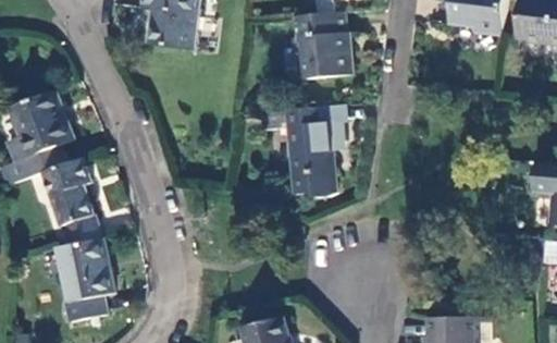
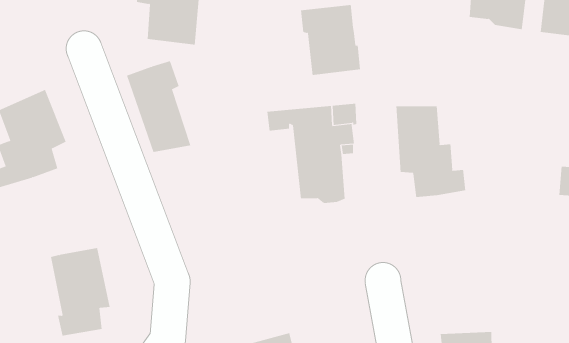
building: none -> [396,106,466,198]
building: [42,159,103,245] -> [126,60,191,152]

